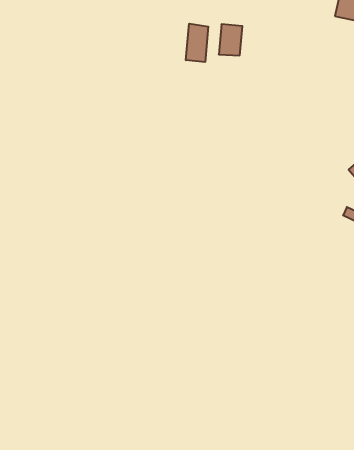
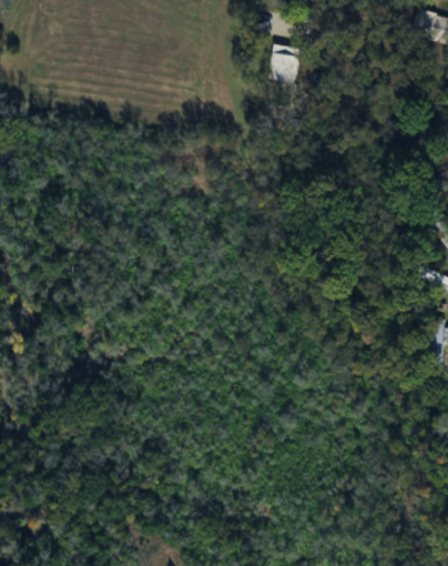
building: [186,24,208,62] -> none

